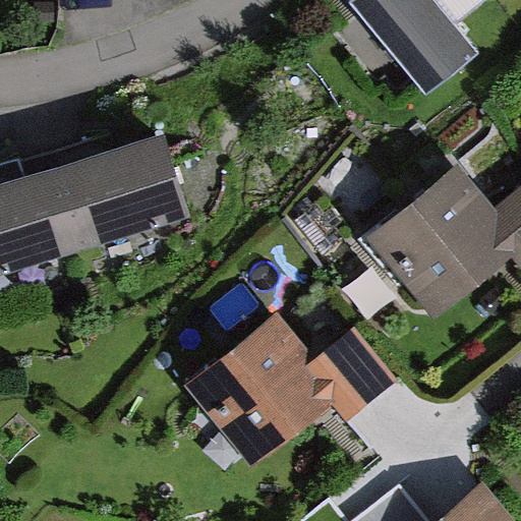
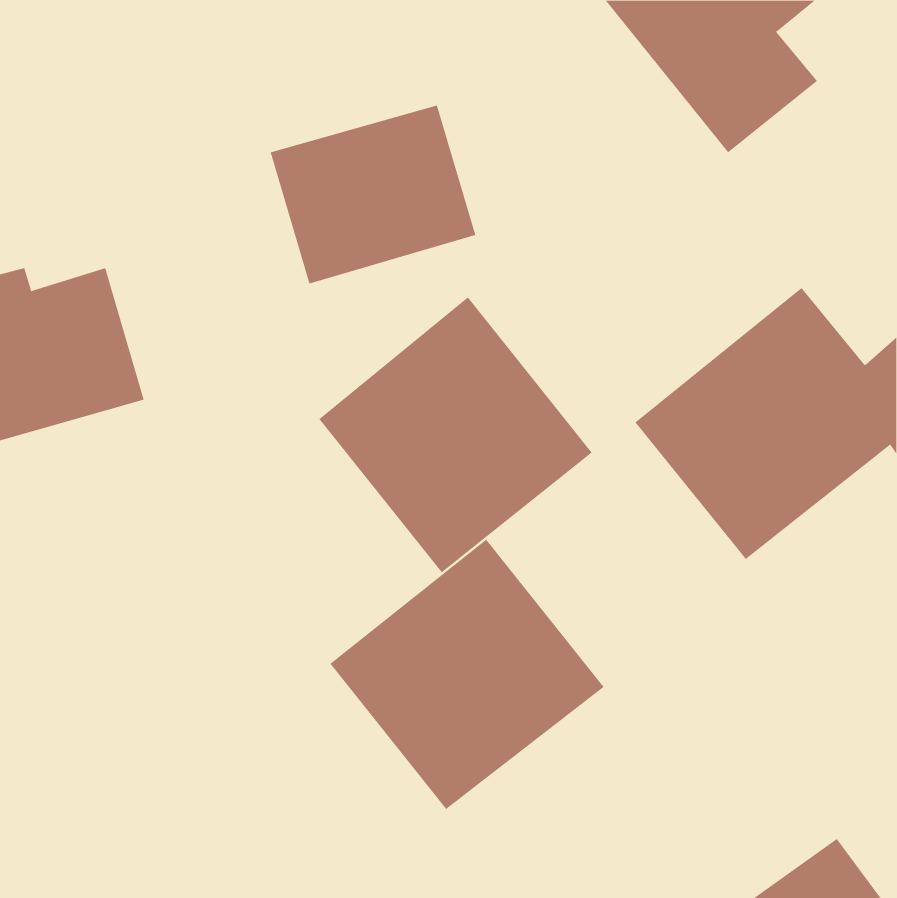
building: [61,128,180,232] -> [270,105,476,284]
building: none -> [318,297,593,573]

